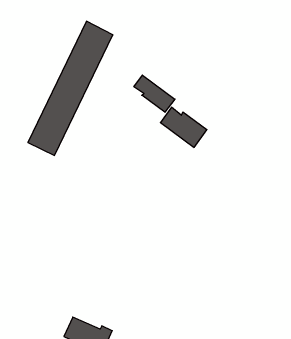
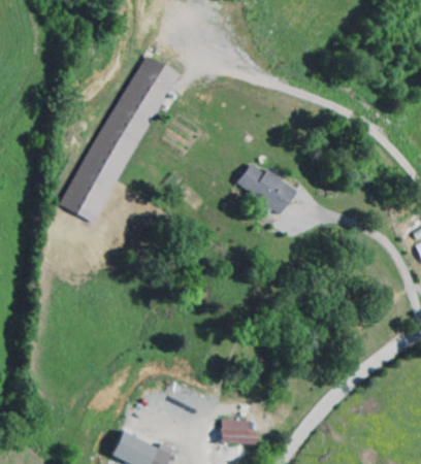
building: [134,75,175,112] -> none
building: none -> [221,419,258,443]

